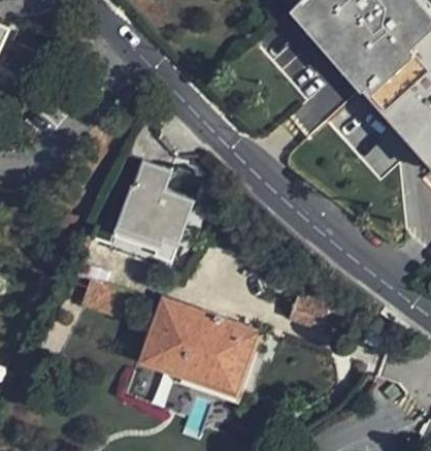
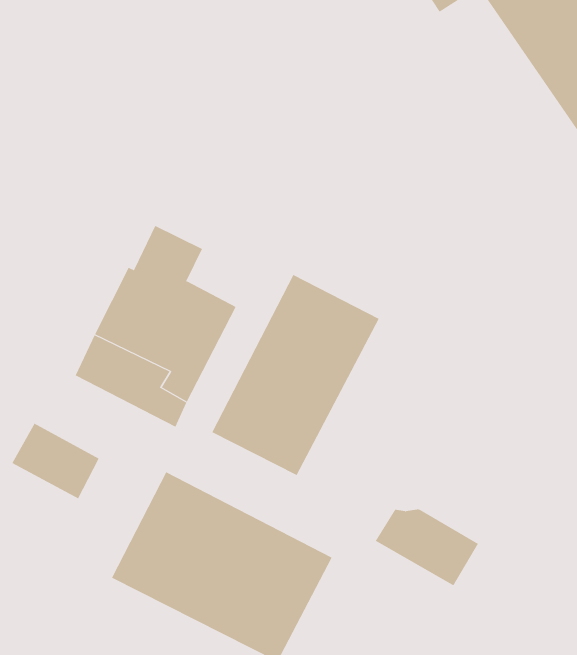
building: none -> [212,274,379,476]

